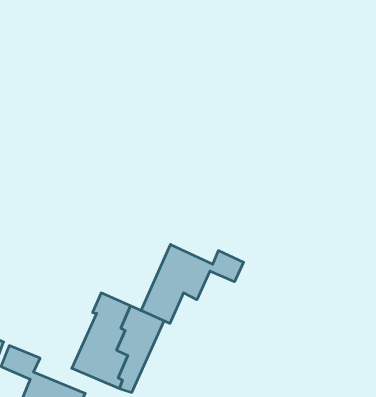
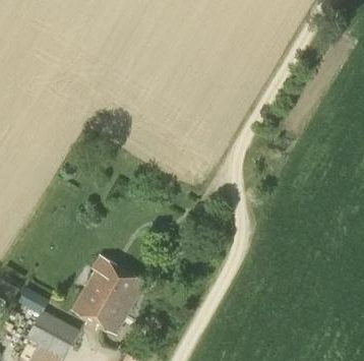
building: [141,244,244,323] -> none

